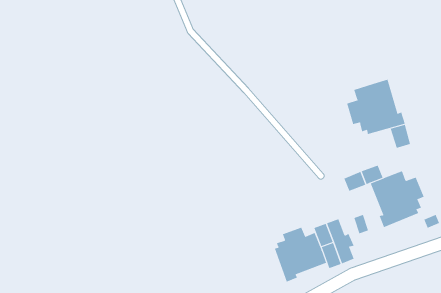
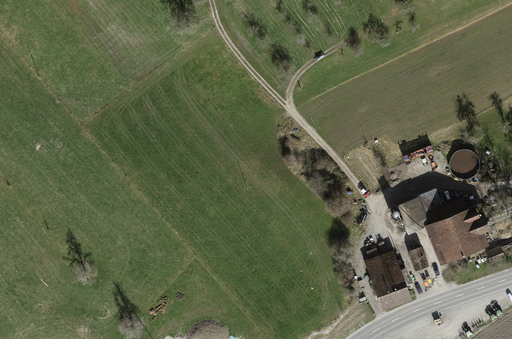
building: [347,79,405,135] -> none
building: [274,227,327,282] -> none

